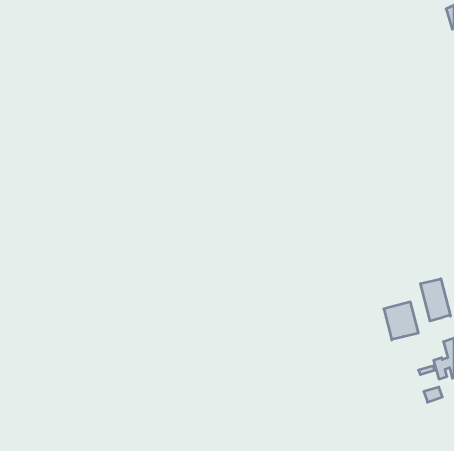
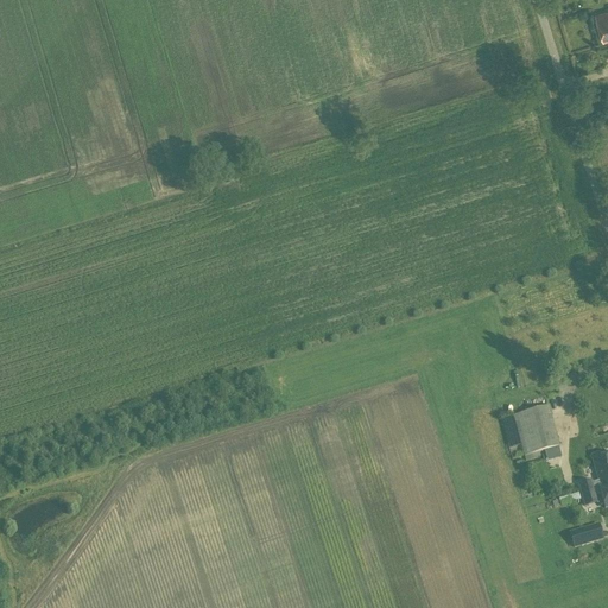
building: [420,279,450,321] -> none

